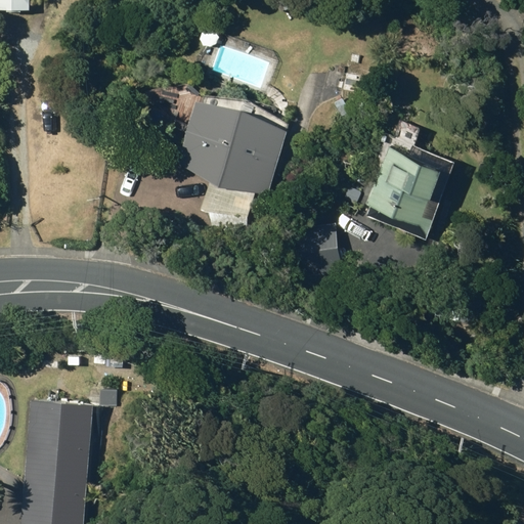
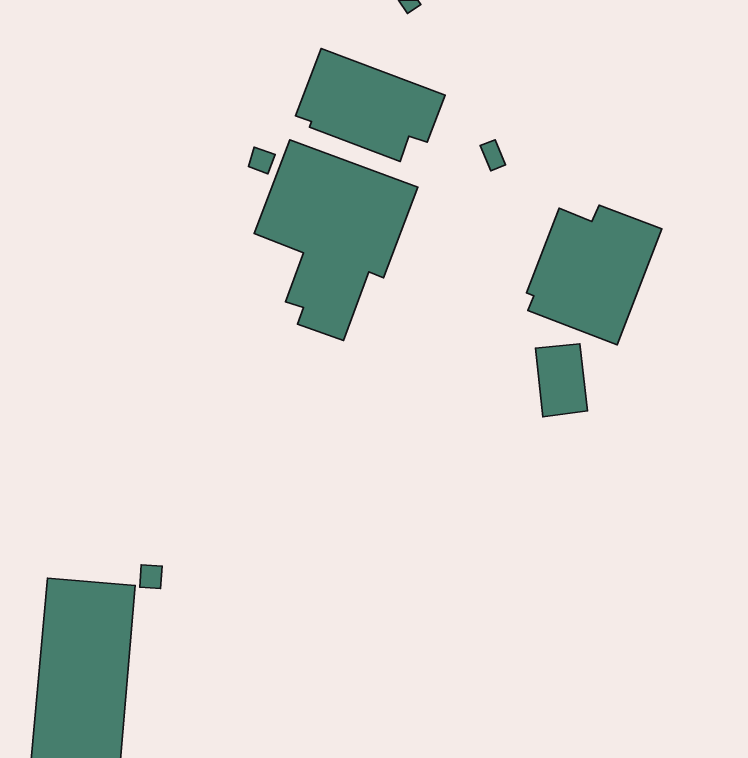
building: none -> [296,48,445,161]
building: [302,225,338,275] -> [535,344,587,417]

